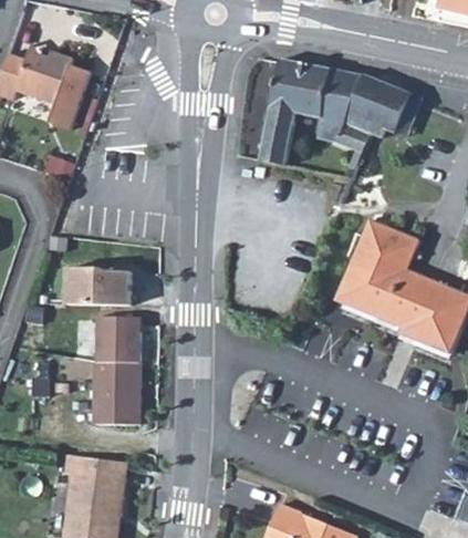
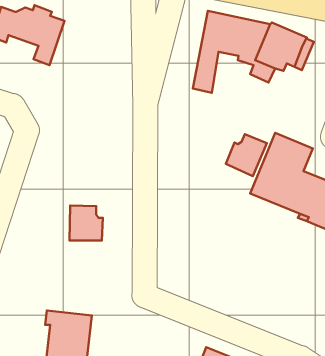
building: none -> [226,134,267,176]
building: [65,267,131,306] -> none
building: [94,362,139,424] -> none

